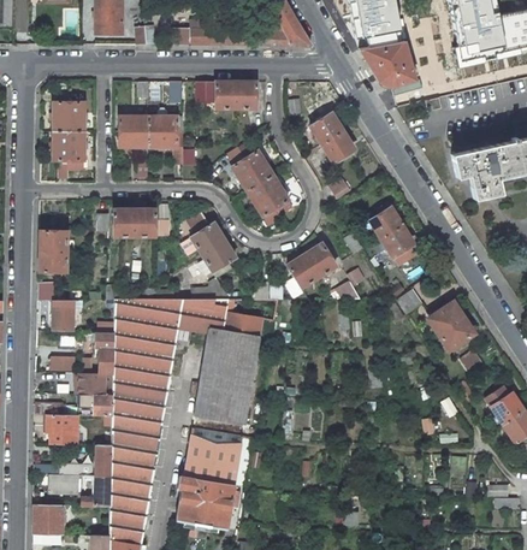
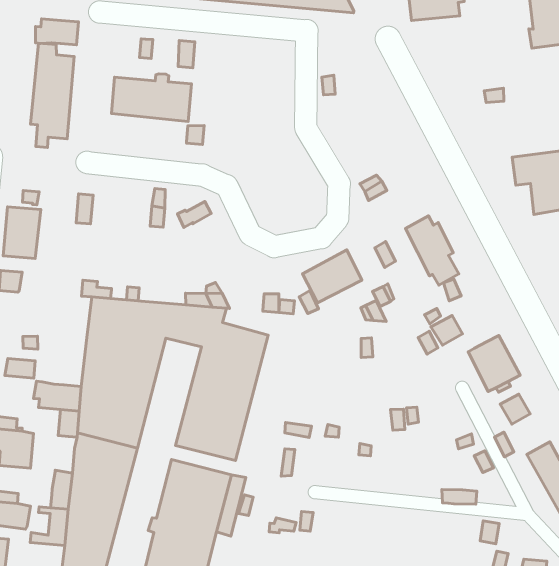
building: [360,37,419,88] -> none
building: none -> [35,19,78,45]
building: [196,81,256,108] -> none
building: [310,114,353,164] -> none
building: [225,140,294,226] -> none
building: [114,208,155,236] -> none
building: [191,223,236,273] -> none
building: [53,298,75,331] -> none
building: [84,331,114,373] -> none

